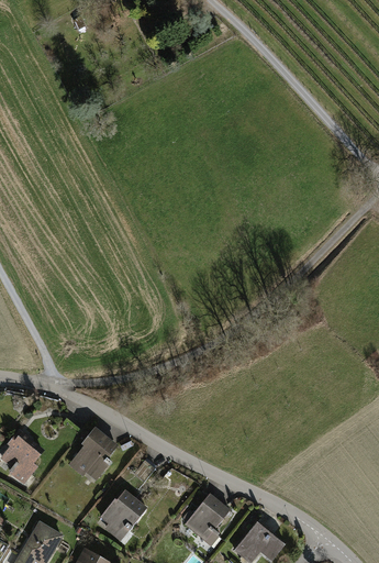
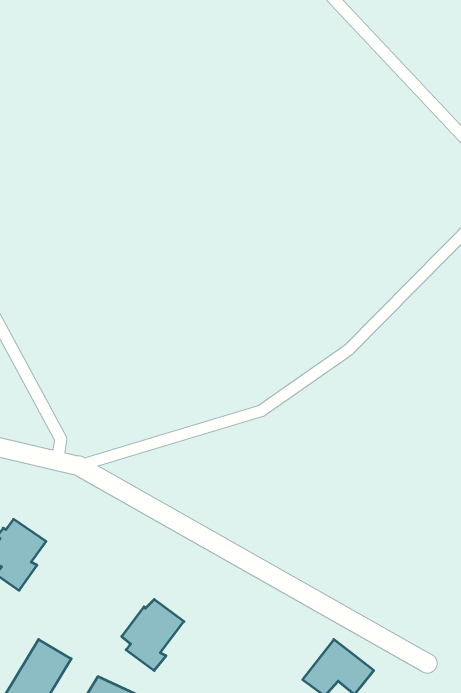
building: [68,424,118,479] -> none
building: [186,494,231,545] -> none

